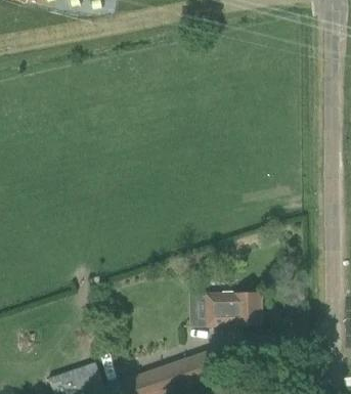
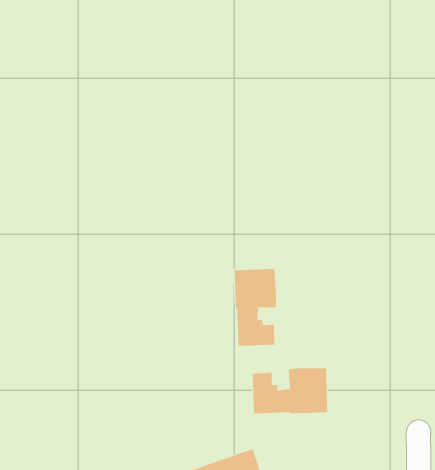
building: none -> [234,268,277,347]

